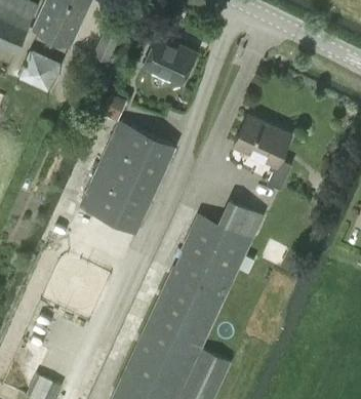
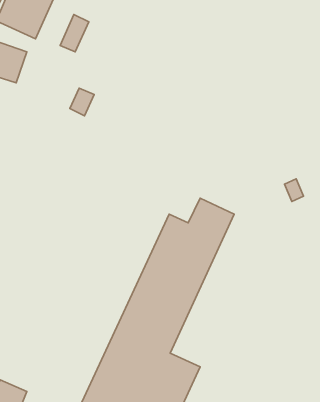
building: [143,35,195,82] -> none
building: [233,115,291,190] -> none
building: [81,122,173,231] -> none

